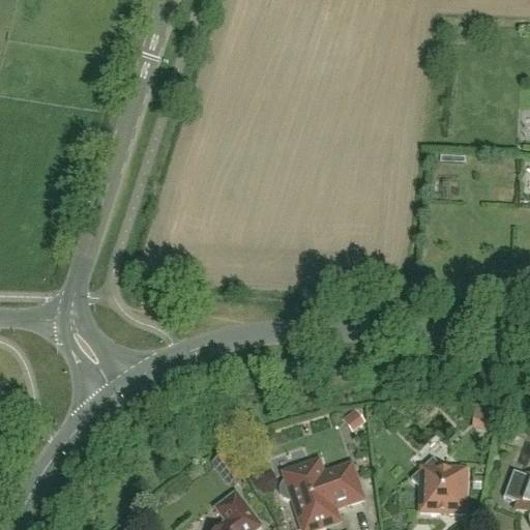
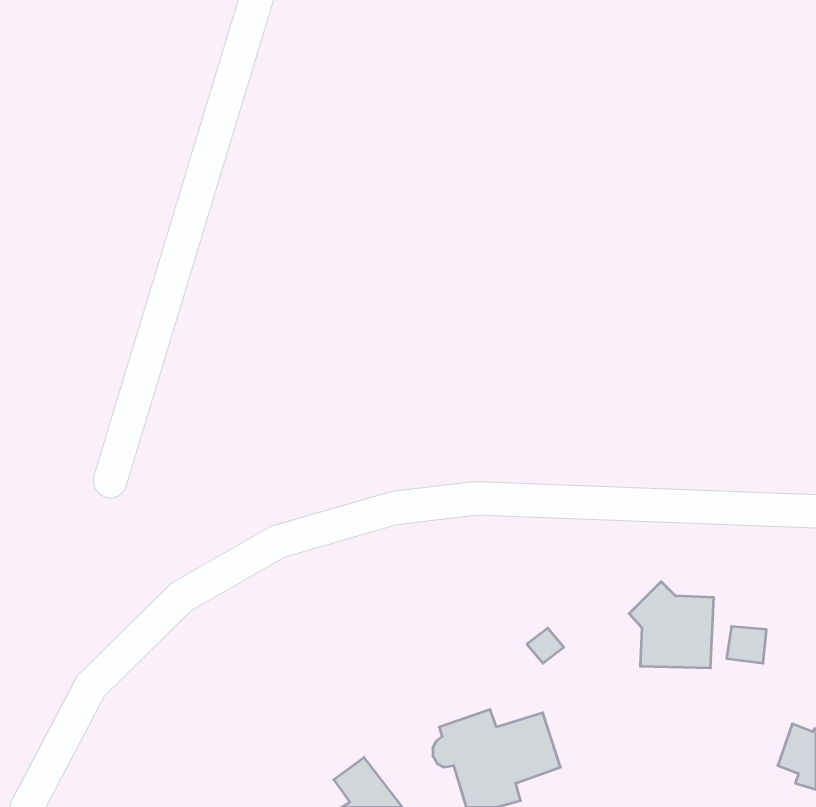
building: [412,455,467,511] -> [629,582,714,668]

